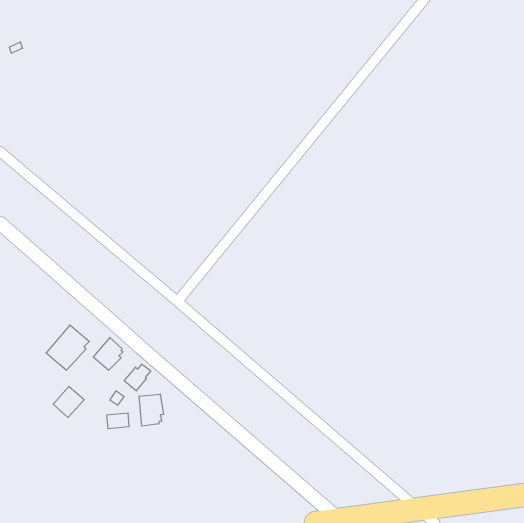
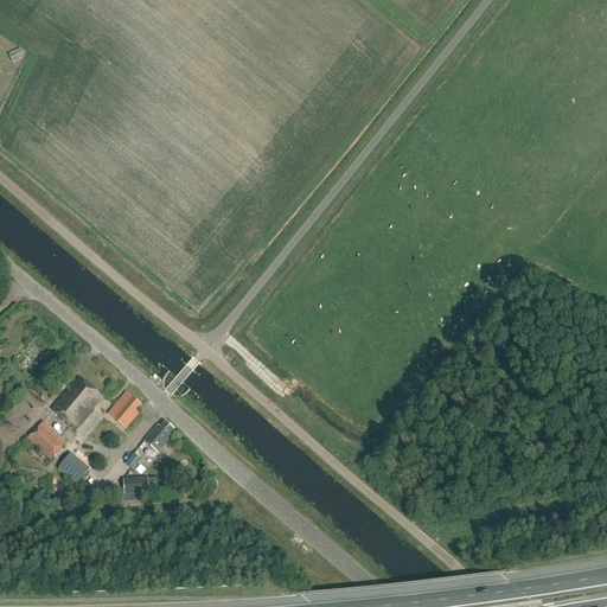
building: none -> [27,421,66,459]
building: [139,394,163,426] -> none

